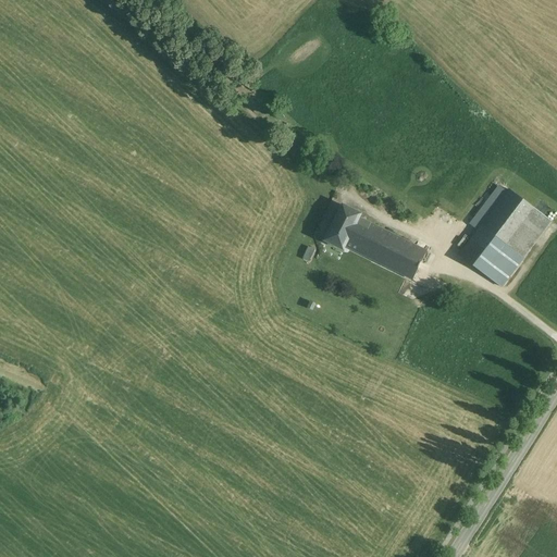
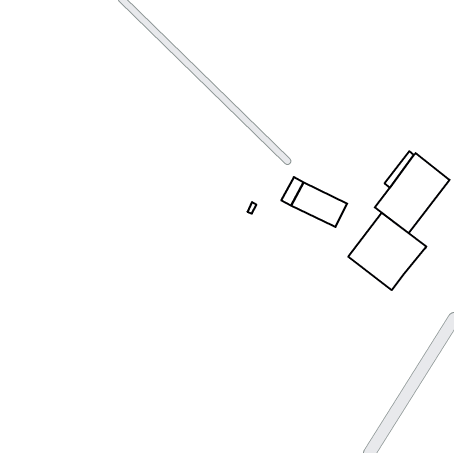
building: [324,203,361,249] -> none
building: none -> [348,213,426,290]

